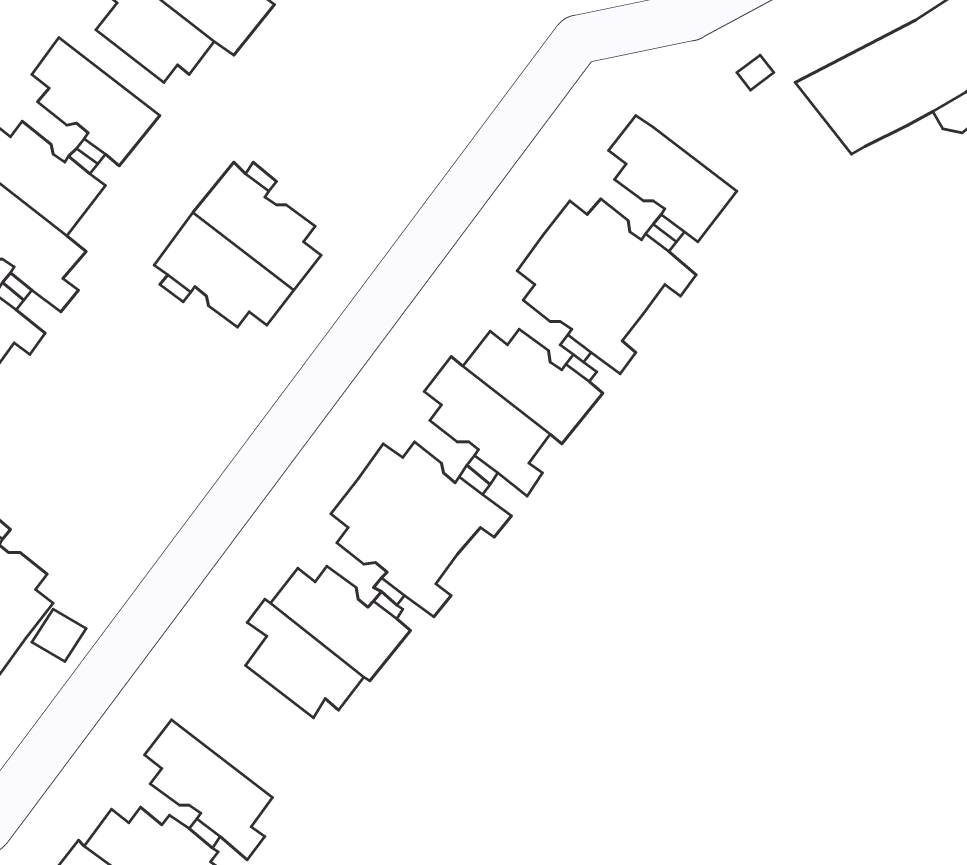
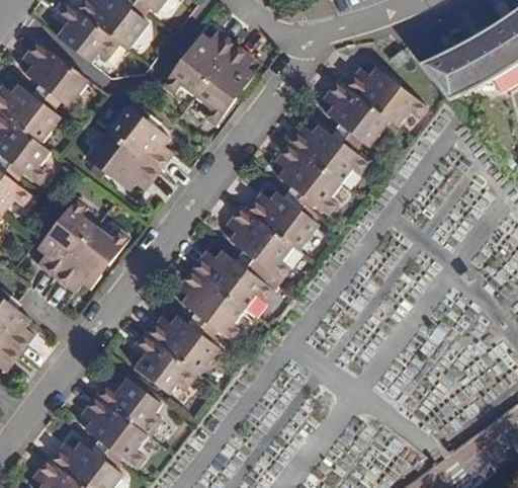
building: none -> [164,30,255,125]
building: none -> [346,67,426,127]
building: none -> [37,197,130,292]
building: none -> [95,377,161,435]

